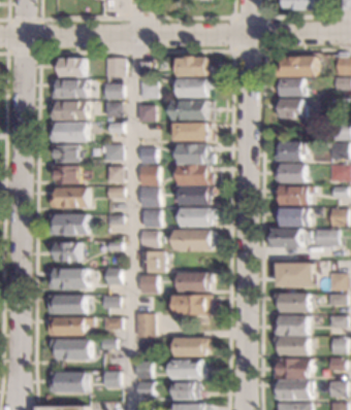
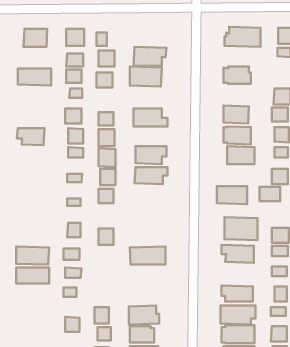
building: [176,57,213,75] -> none
building: [279,78,302,96] -> none
building: [52,79,89,98] -> none
building: [174,122,209,141] -> none
building: [51,123,88,141] -> none
building: [51,145,79,163] -> none
building: [178,165,215,185] -> none
building: [51,186,88,208] -> none
building: [274,207,310,227] -> none
building: [50,214,88,234] -> none
building: [172,230,212,251] -> none
building: [51,242,79,261] -> none
building: [140,251,164,273] -> none
building: [50,268,87,289] -> none
building: [178,273,213,292] -> none
building: [135,313,154,336] -> none
building: [274,315,307,336] -> none
building: [174,338,209,356] -> none
building: [51,339,91,360] -> none
building: [51,372,87,392] -> none

